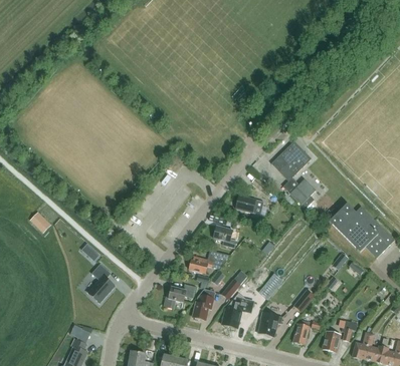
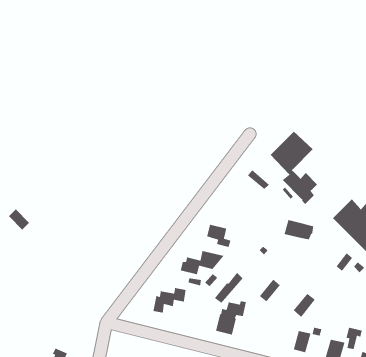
building: [235,195,263,214] -> [283,219,314,240]
building: [88,264,114,302] -> none
building: [192,289,215,320] -> none
building: [258,312,282,337] -> none

